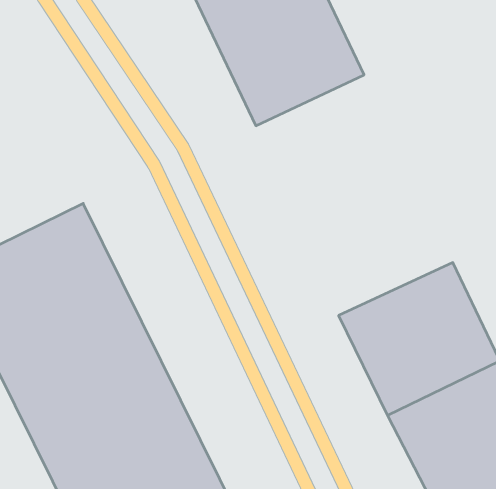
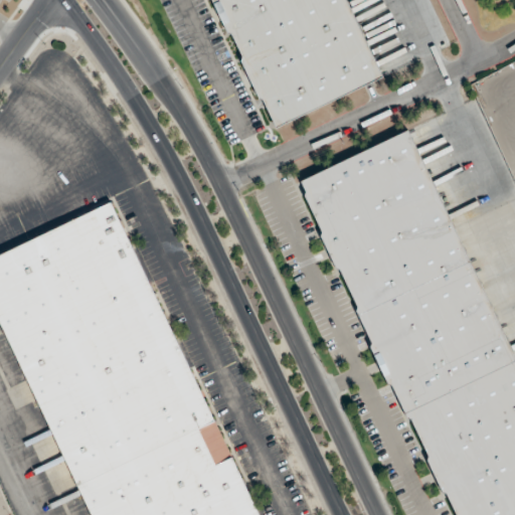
building: none -> [300,131,469,314]

